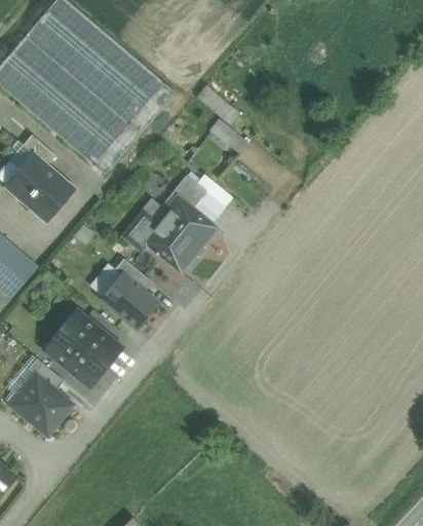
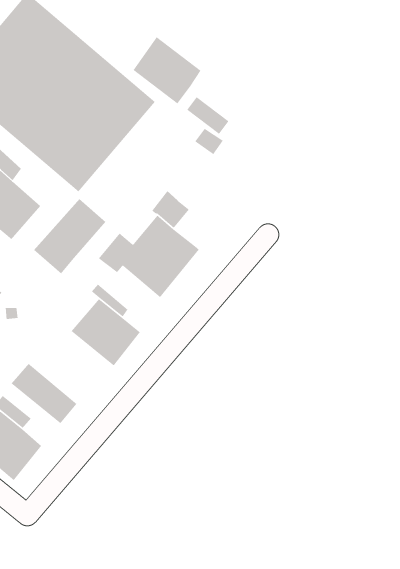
building: none -> [132,36,202,104]
building: [192,173,233,224] -> none
building: none -> [33,198,106,275]
building: [61,310,120,367] -> none

